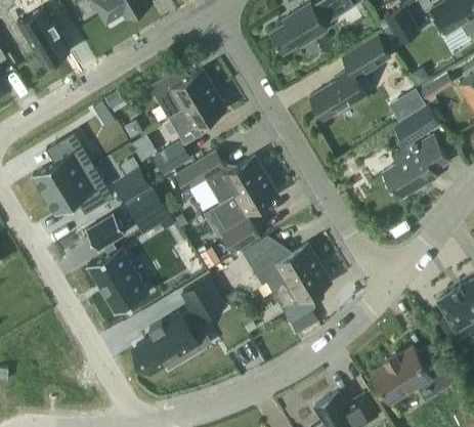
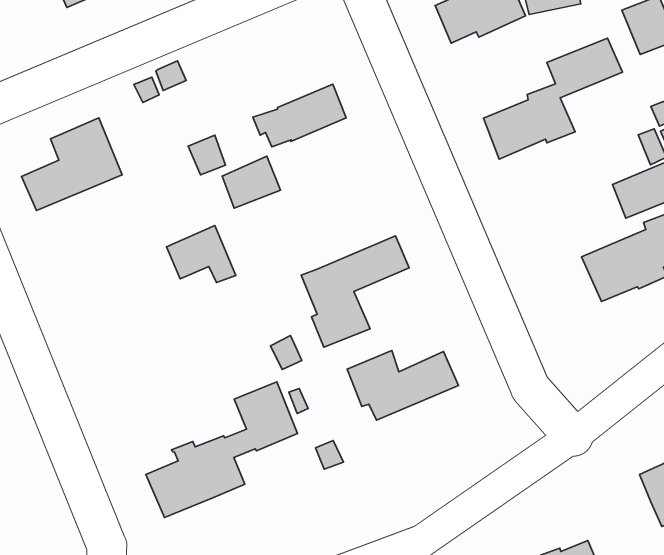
building: [147,71,213,119] -> none
building: [175,152,265,205] -> none
building: [43,165,113,214] -> none
building: [115,170,150,202] -> none
building: [85,214,147,313] -> none
building: [270,263,329,323] -> none

